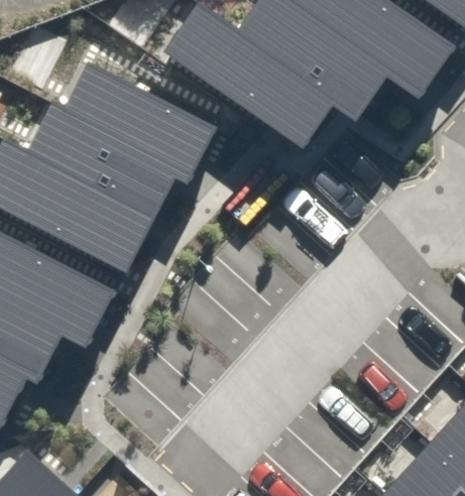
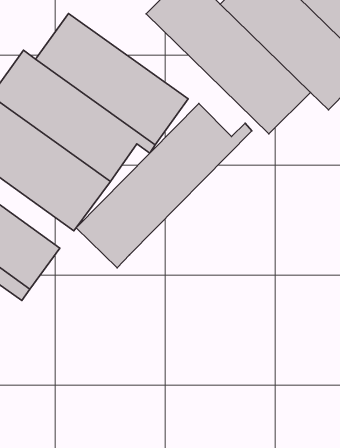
building: none -> [76,104,252,268]

